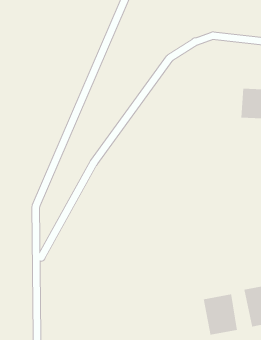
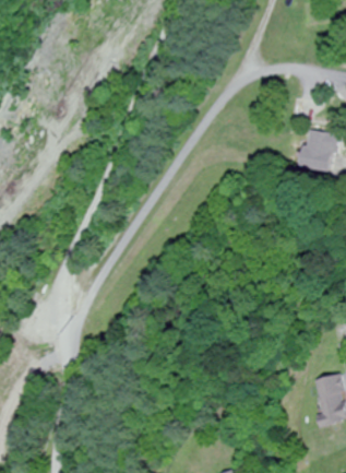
building: [203,293,238,335] -> none

